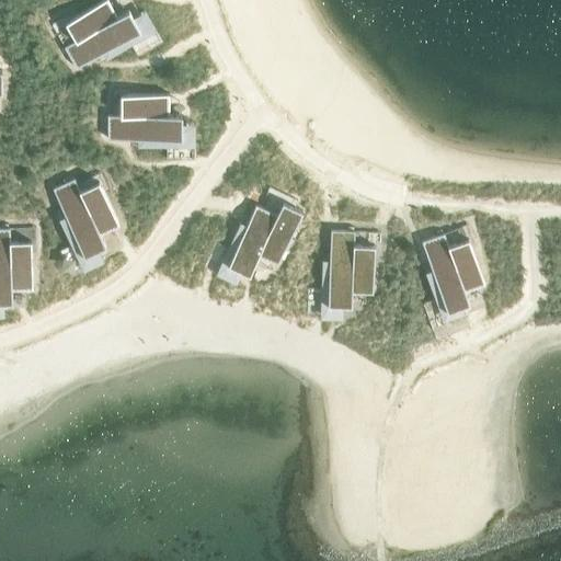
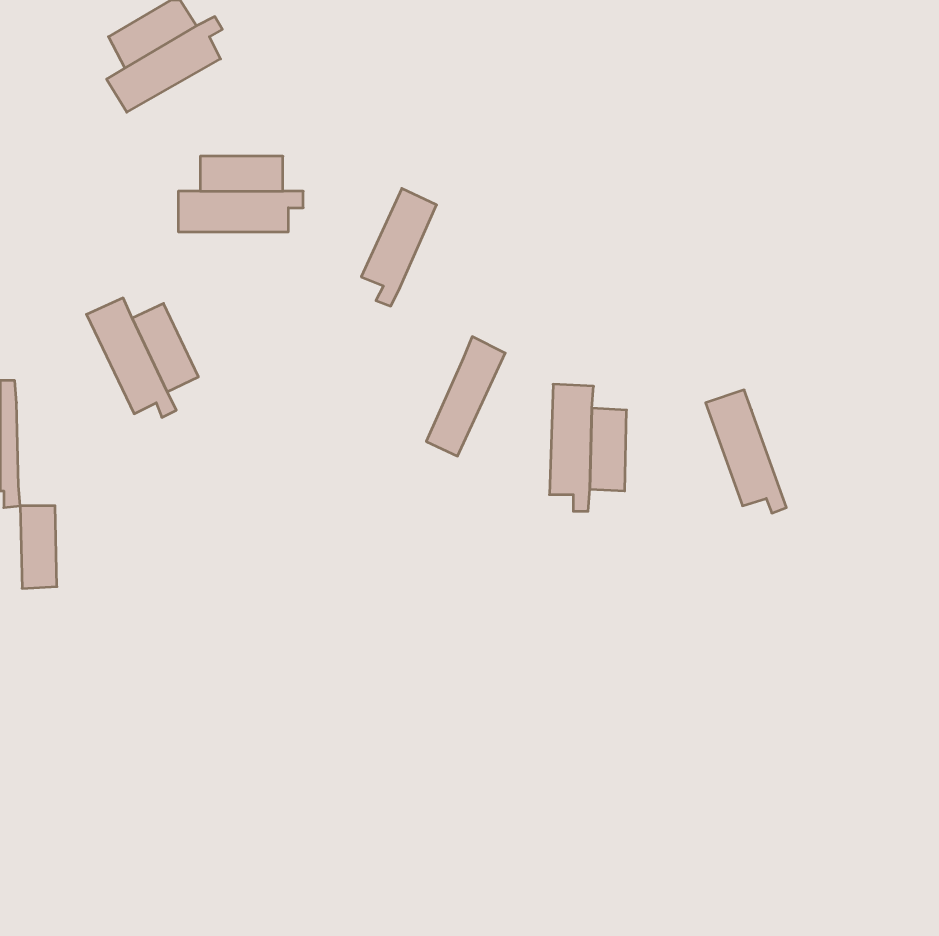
building: [231,206,276,276] -> [361,188,437,306]
building: [448,240,484,293] -> none
building: [10,242,32,291] -> [20,506,57,588]

